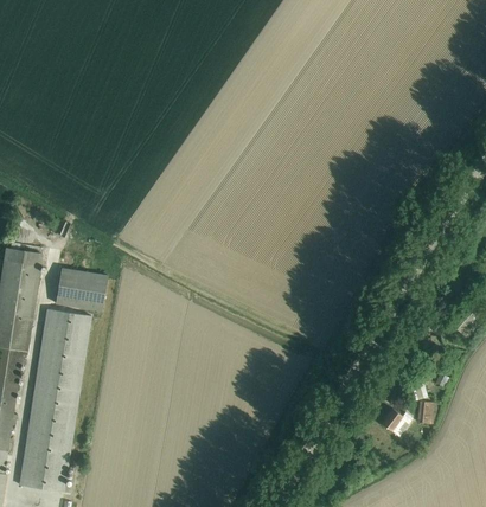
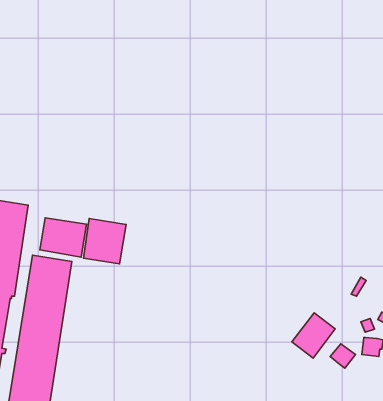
building: none -> [84,219,126,264]
building: none -> [292,313,335,358]

